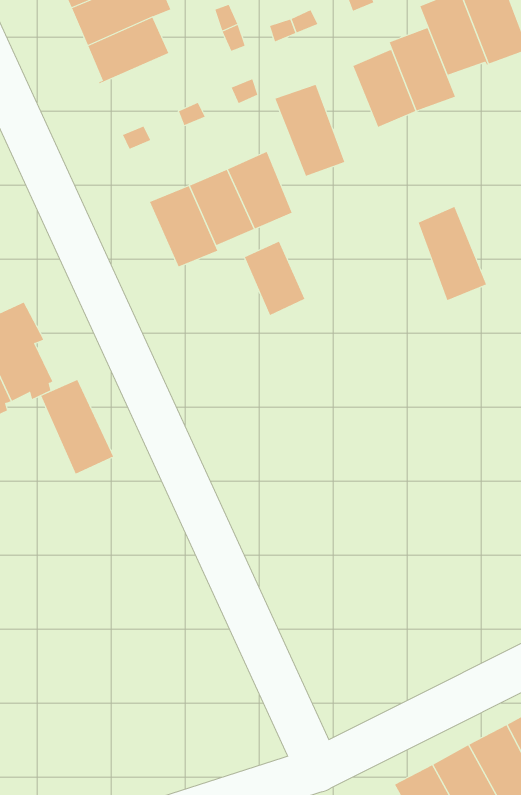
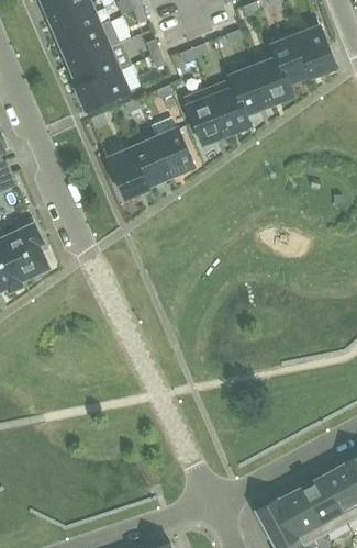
building: none -> [76,69,129,111]
building: [418,205,487,301] -> [208,77,249,135]
building: [244,241,307,316] -> none
building: [40,379,114,475] -> none

